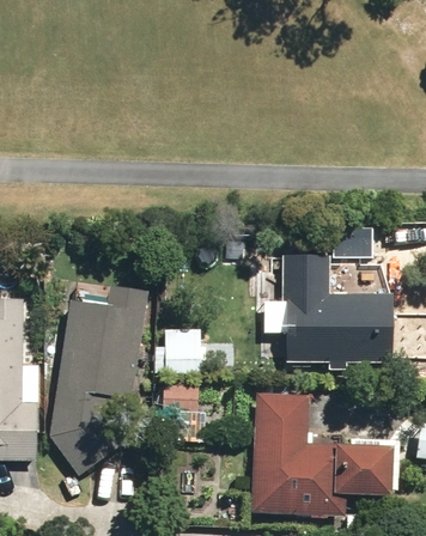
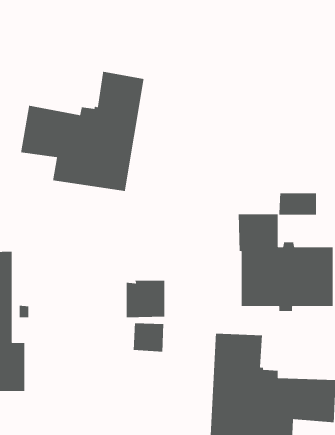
building: none -> [20,71,144,192]
building: [49,284,148,474] -> none

